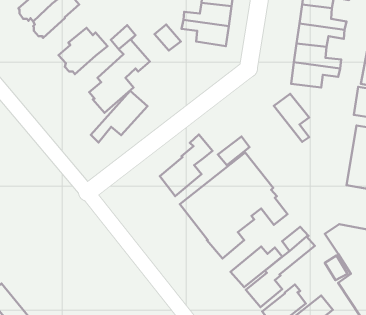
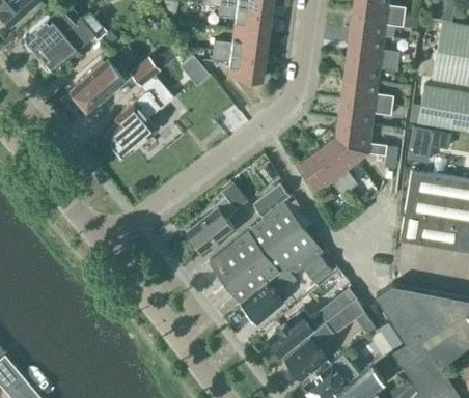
building: none -> [336,124,387,163]
building: [91,91,148,142] -> none
building: none -> [300,149,350,197]

